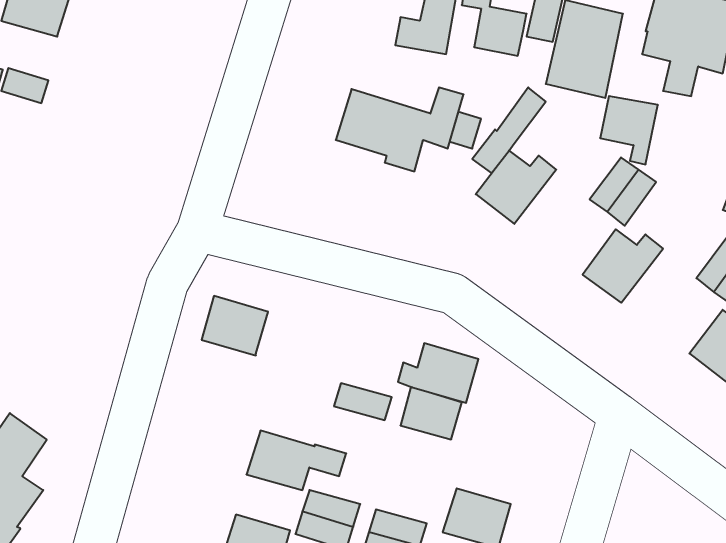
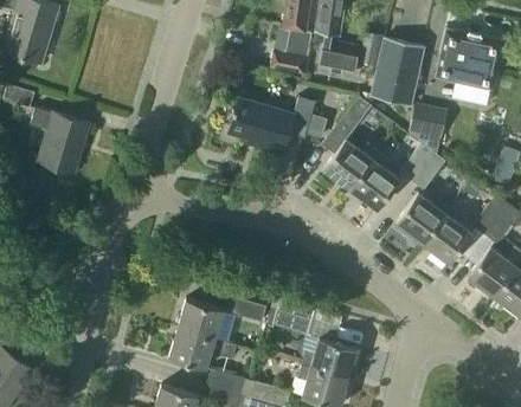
building: none -> [30,108,88,172]
building: none -> [349,153,399,208]
building: none -> [422,206,470,263]
building: [202,296,268,355] -> [178,299,223,340]
building: [398,343,478,403] -> [301,338,355,379]

